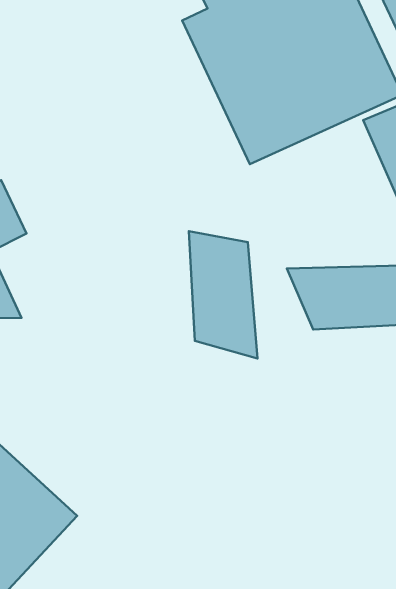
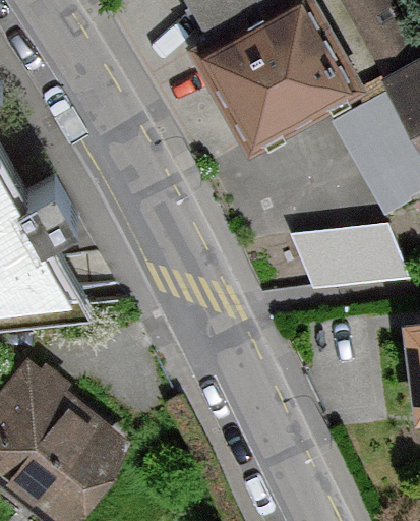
building: [189,231,257,359] -> none

